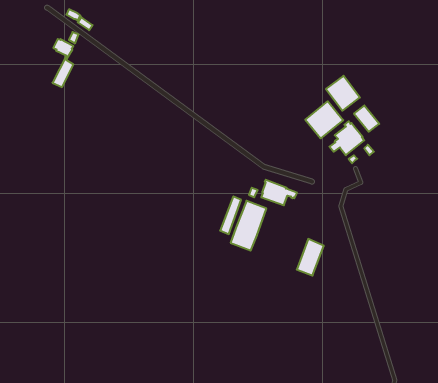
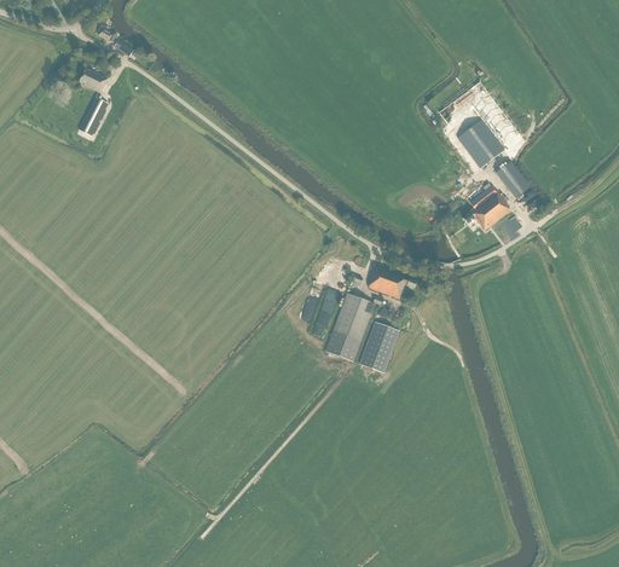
building: [305,101,343,138] -> none
building: [297,239,324,276] -> [359,320,397,371]

